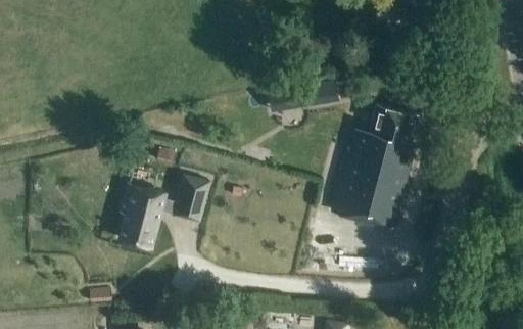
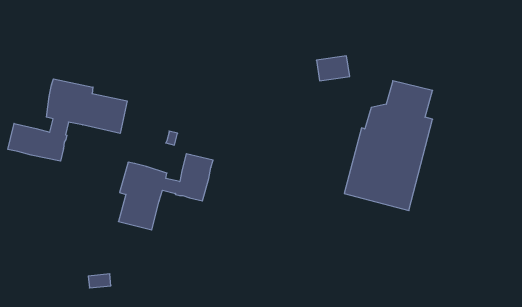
building: none -> [8,79,127,161]

